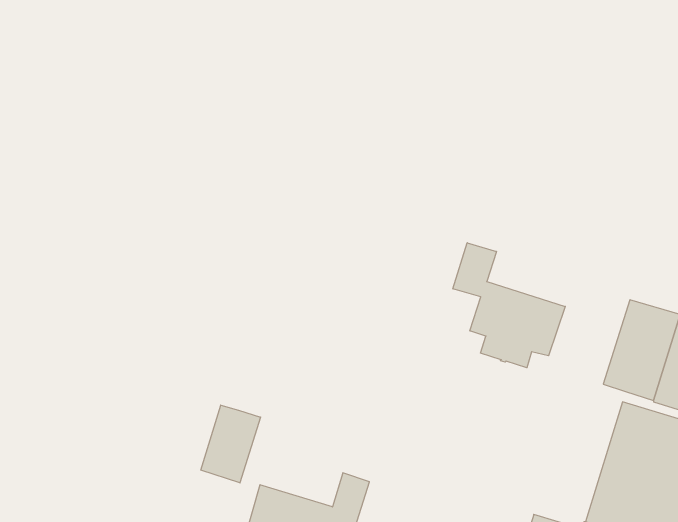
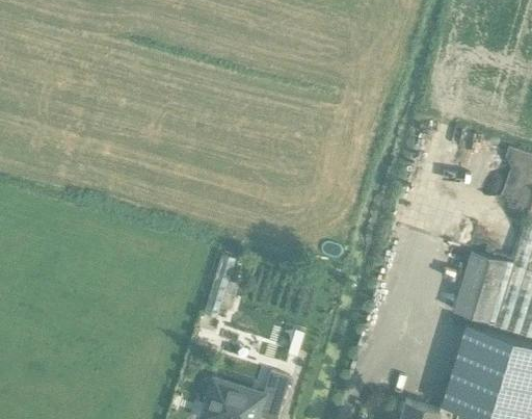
building: [453,243,565,368] -> none
building: [201,405,261,483] -> none

